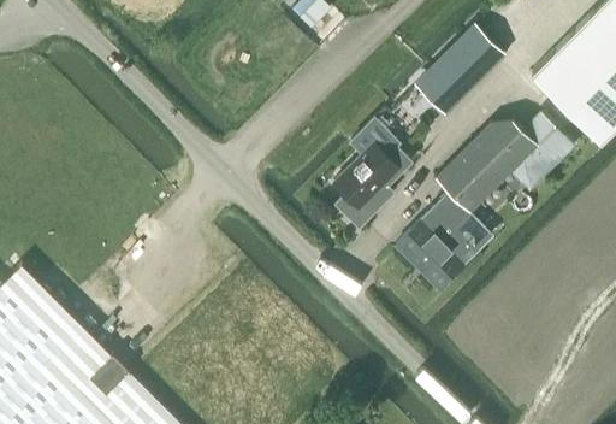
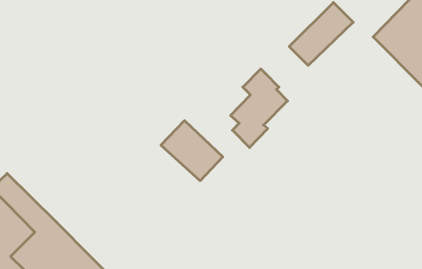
building: [395,120,574,289] -> none
building: none -> [161,121,223,181]

